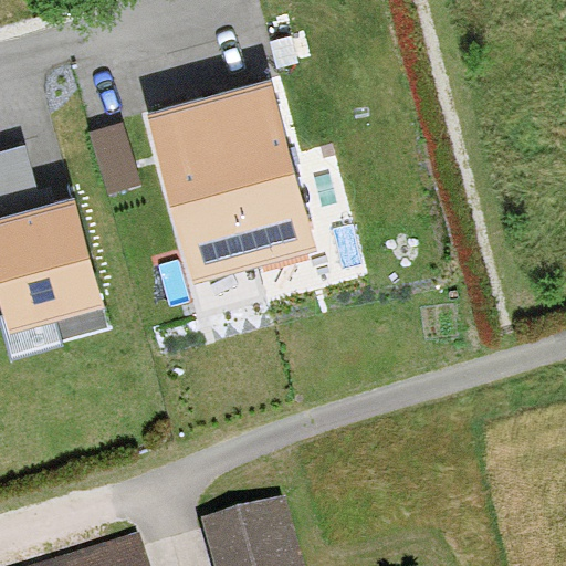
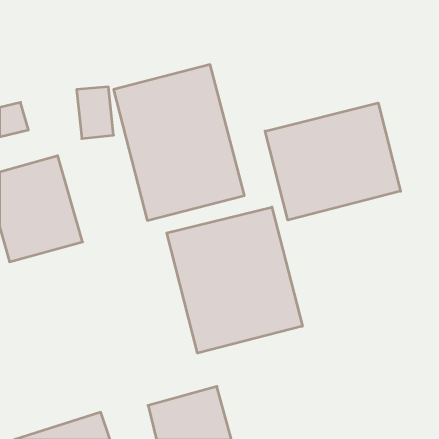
building: none -> [265,103,401,220]
building: none -> [167,207,302,353]

